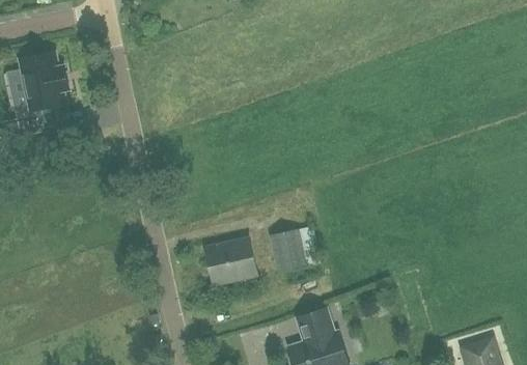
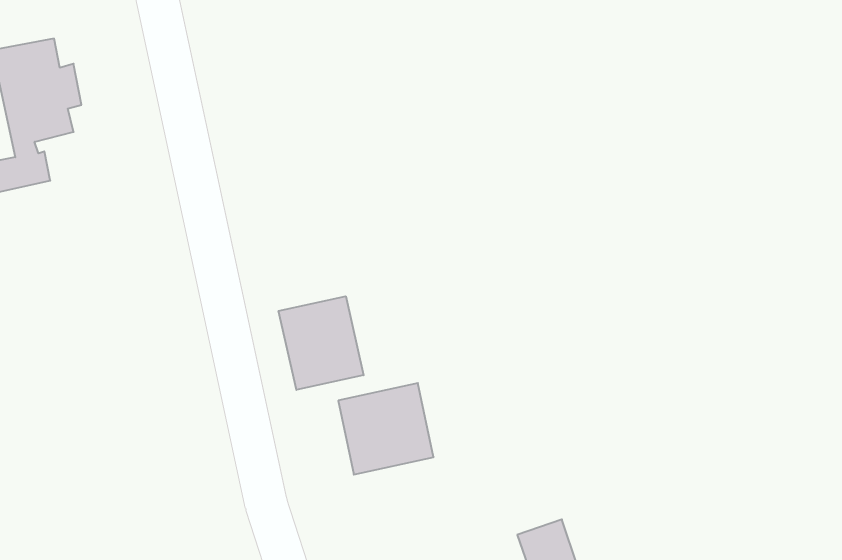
building: none -> [279,296,364,390]
building: [269,228,307,273] -> none

